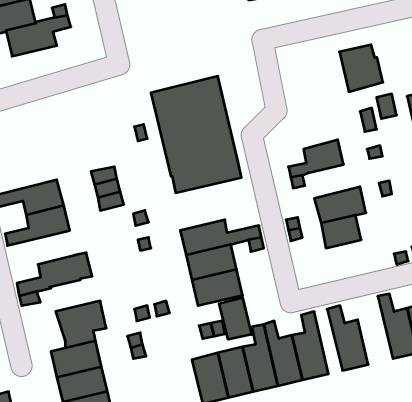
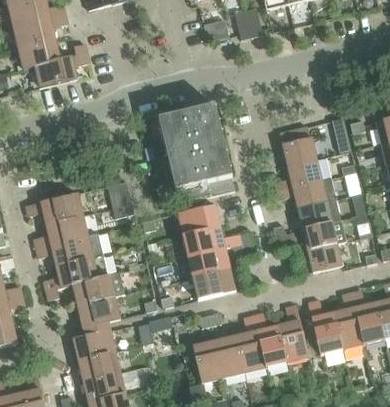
building: [339,45,383,92] -> [279,126,316,166]
building: none -> [291,177,335,208]
building: none -> [176,204,220,235]
building: none -> [35,235,93,264]
building: none -> [306,243,341,272]
building: none -> [71,271,124,304]
building: none -> [333,291,363,349]
building: [219,297,251,339] -> none

